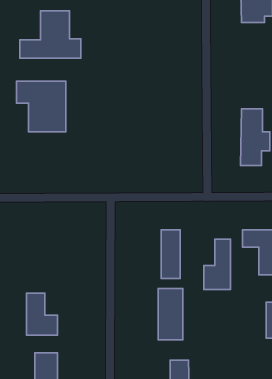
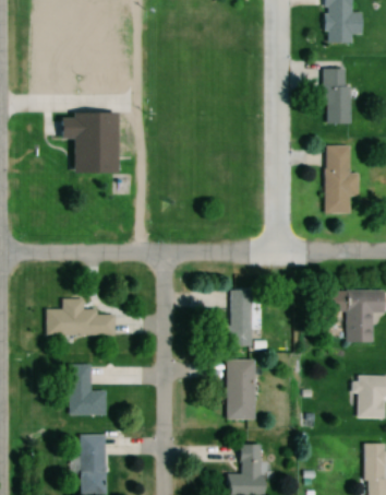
building: [20,11,81,58] -> none
building: none -> [324,69,351,123]
building: none -> [47,298,116,335]
building: [204,239,230,289] -> none

